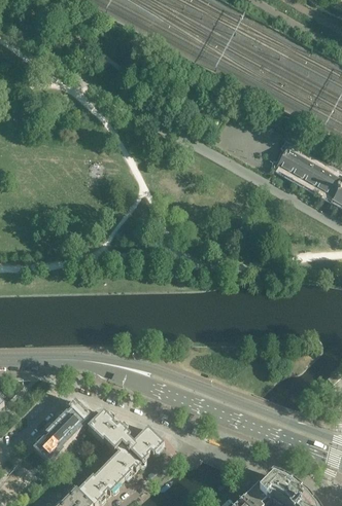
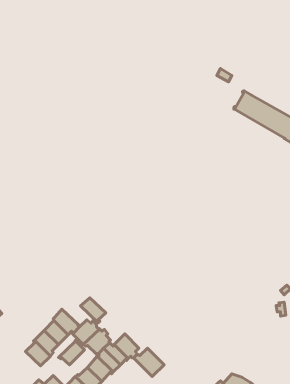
building: none -> [80,298,106,323]
building: none -> [58,341,85,365]
building: none -> [133,348,164,377]

